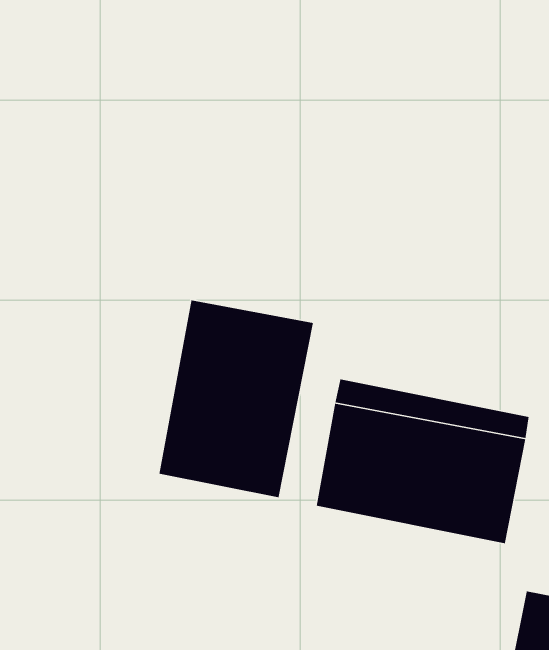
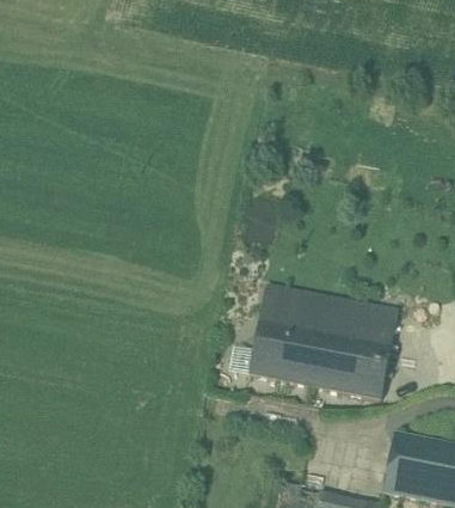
building: [159,299,314,498] -> none

